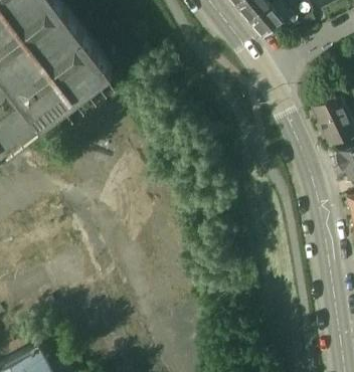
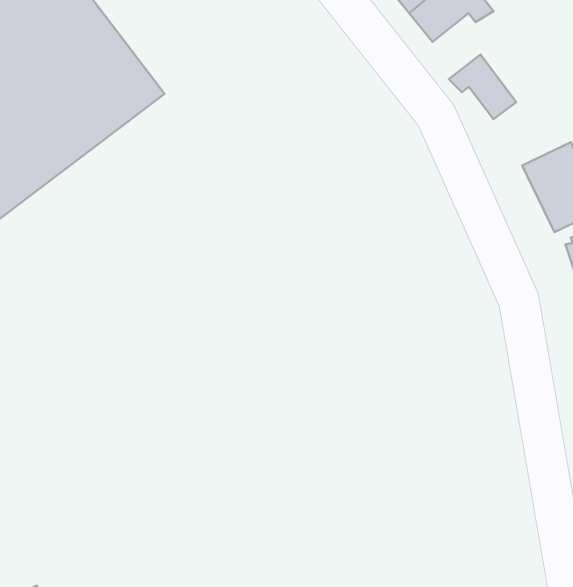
building: none -> [449,54,516,119]

